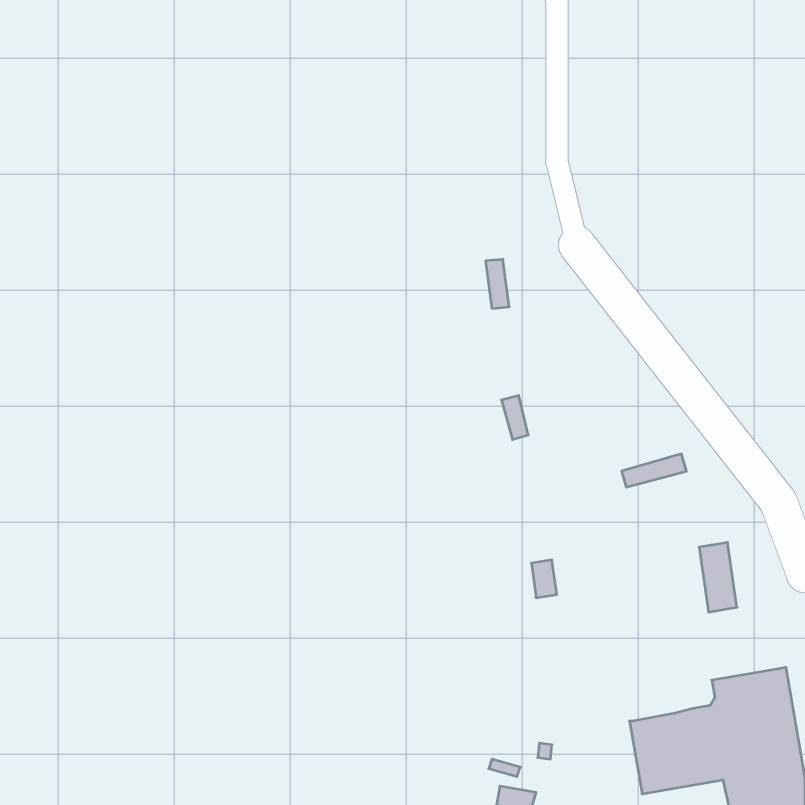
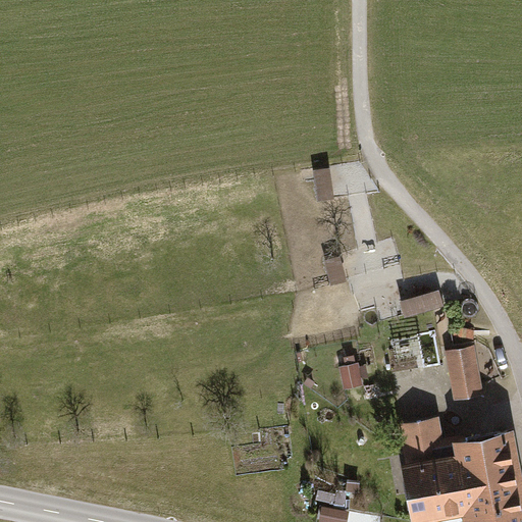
building: none -> [401,419,440,467]

